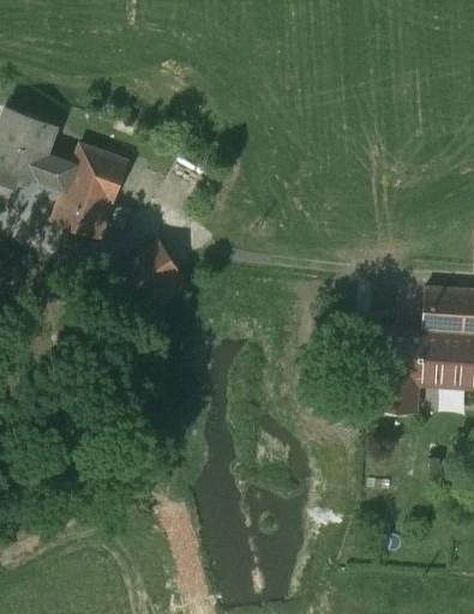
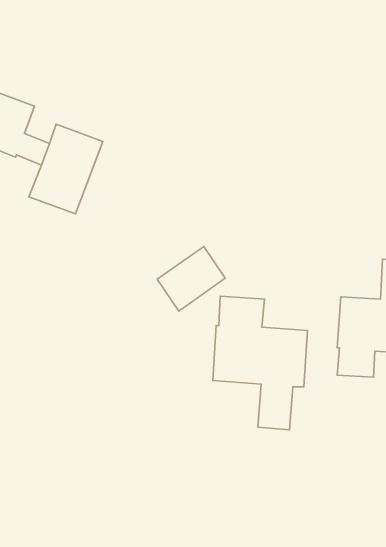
building: [112,241,184,309] -> [157,246,225,311]
building: none -> [213,296,308,430]

